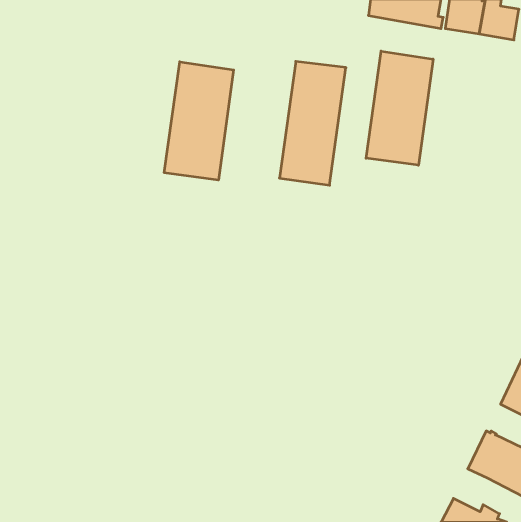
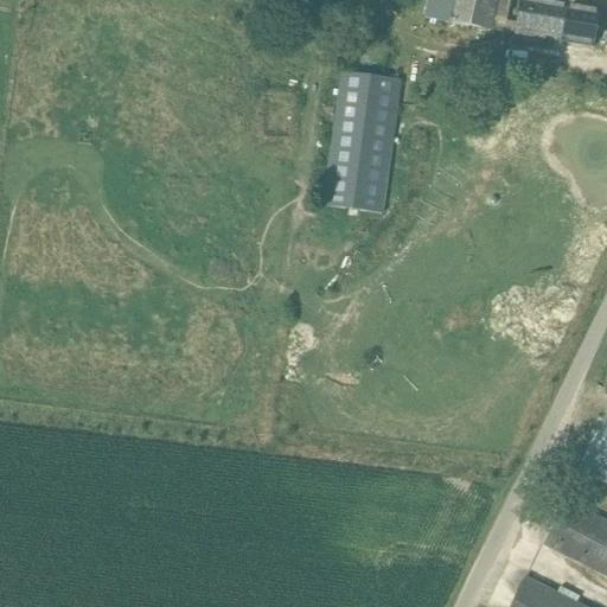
building: [366,51,433,165] -> none
building: [164,62,234,180] -> none

